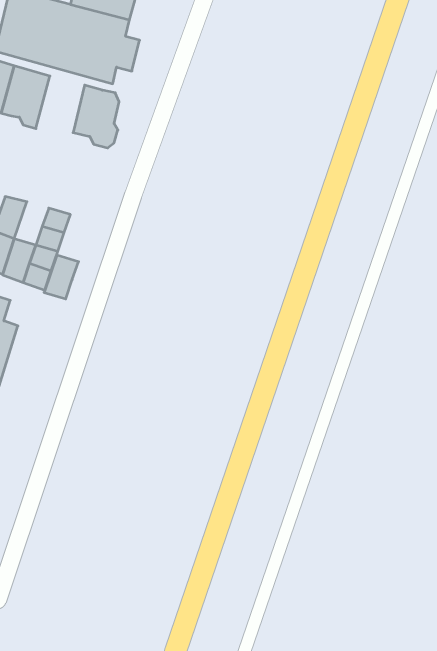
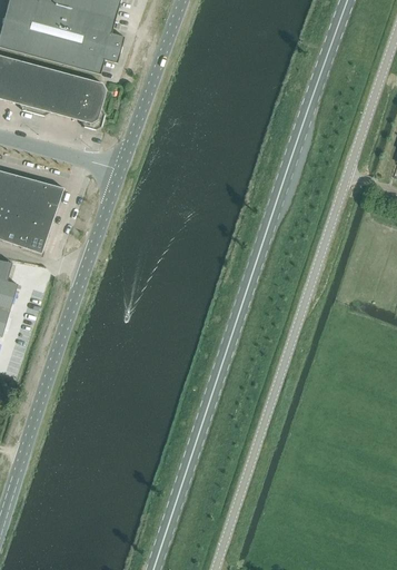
building: none -> [32,67,75,116]
building: [44,255,79,299] -> [13,176,43,214]

